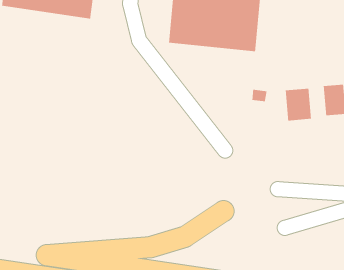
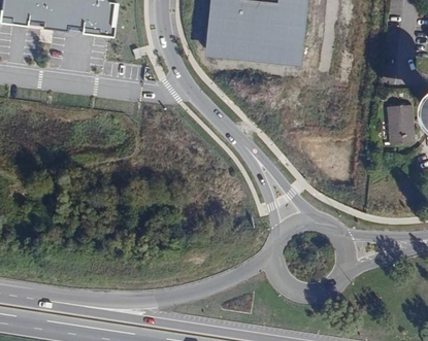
building: [285,88,312,121] -> none

